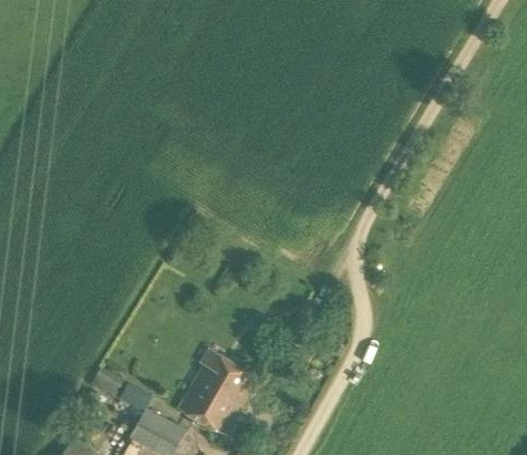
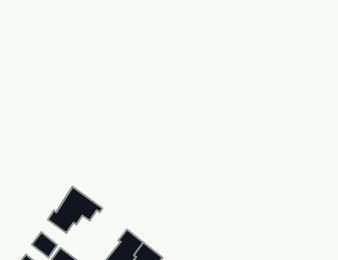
building: none -> [48,187,102,233]

